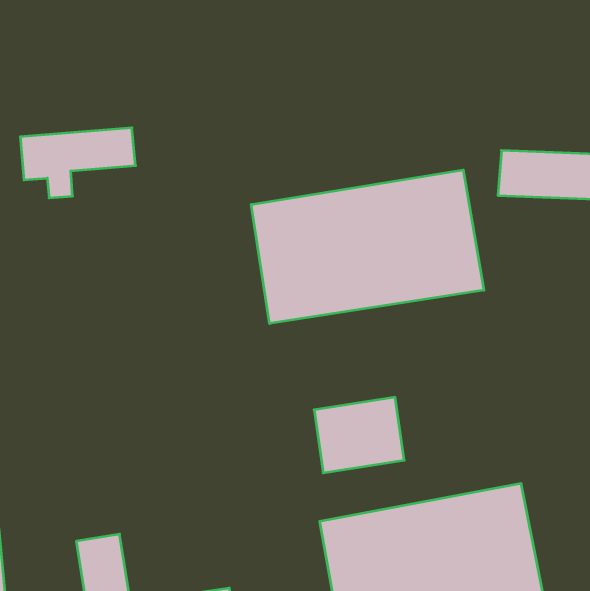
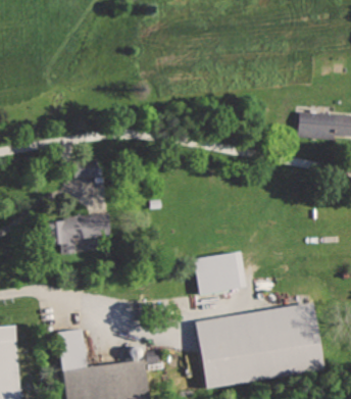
building: [20,128,136,198] -> [45,214,110,254]
building: [251,170,484,324] -> none

